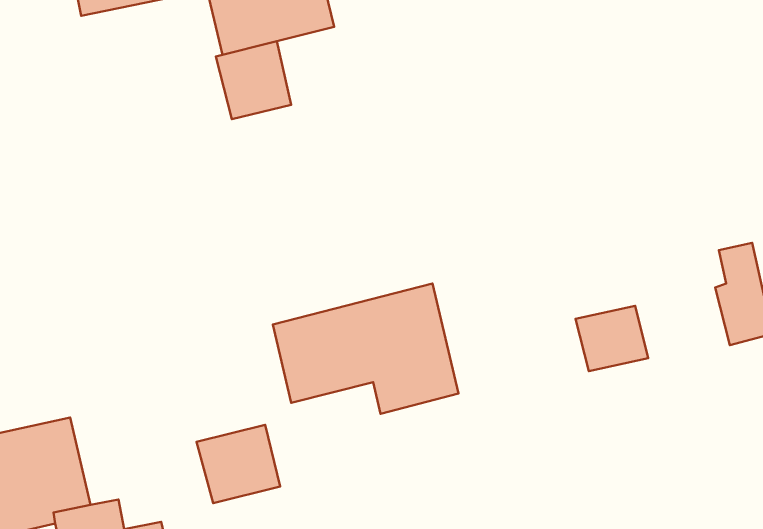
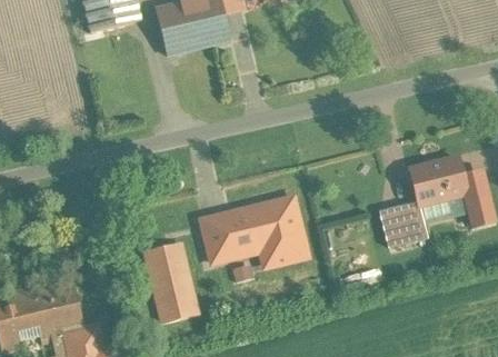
building: [216,41,291,119] -> none
building: none -> [406,153,469,207]
building: none -> [143,242,193,288]

